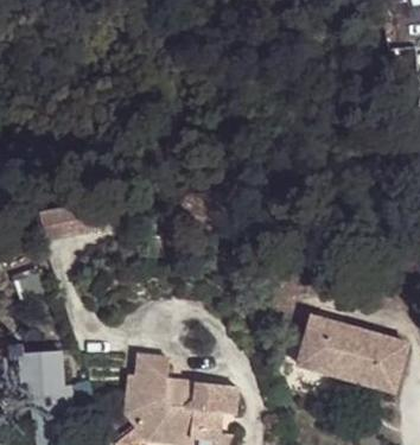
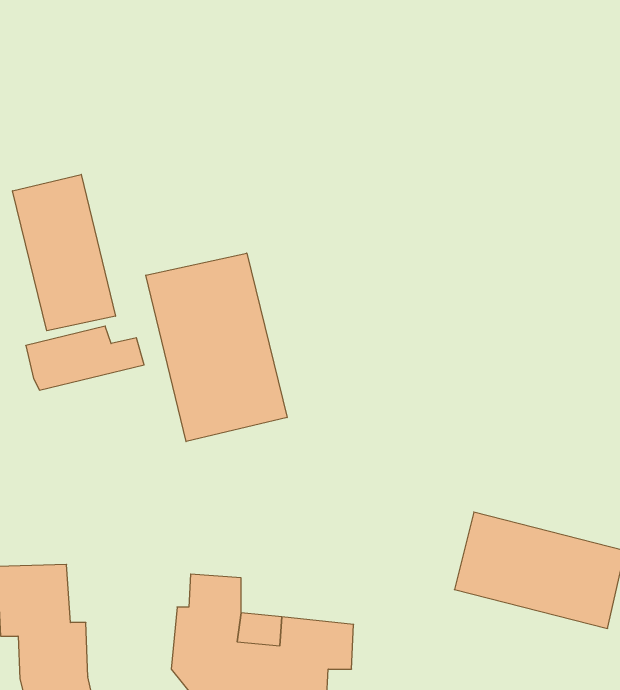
building: none -> [13,174,115,331]
building: none -> [146,253,287,442]

